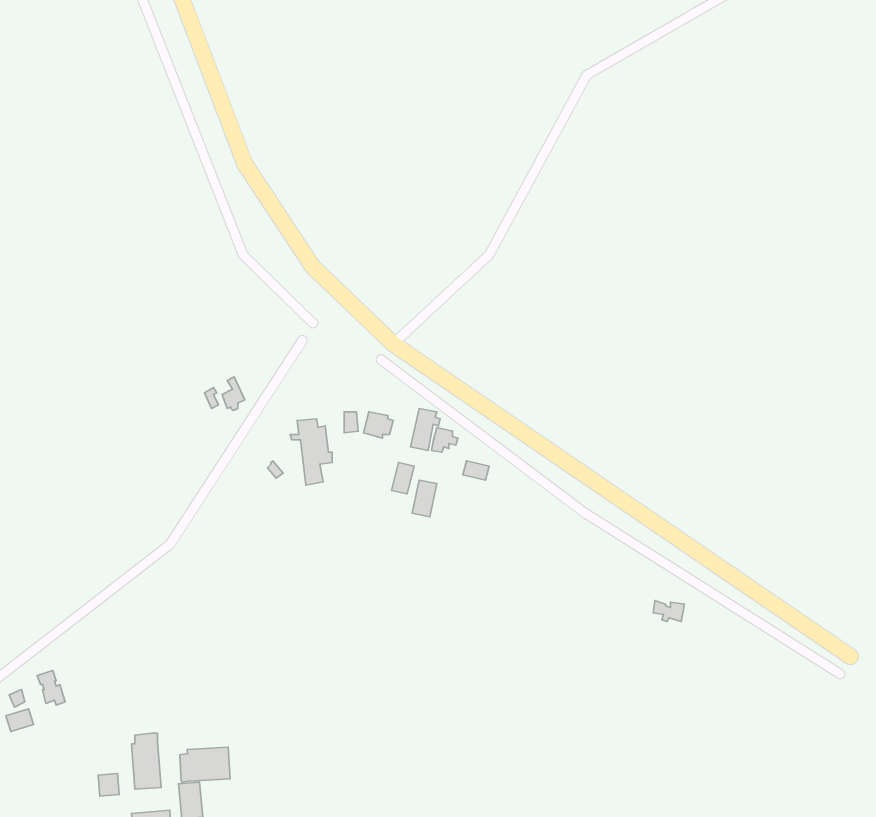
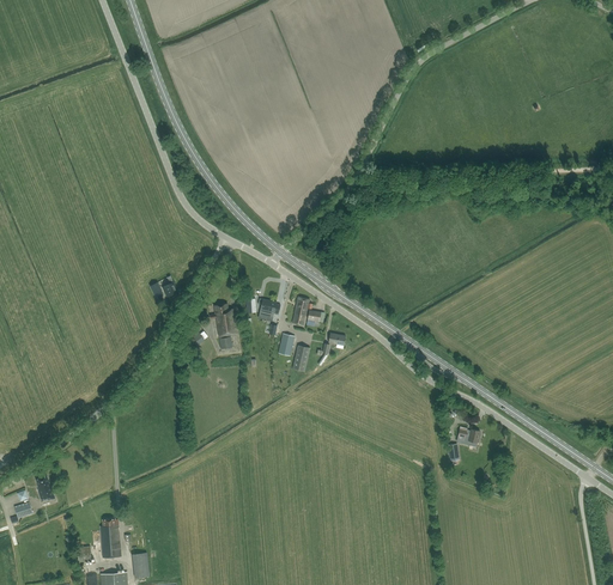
building: [180,747,230,782] -> none

